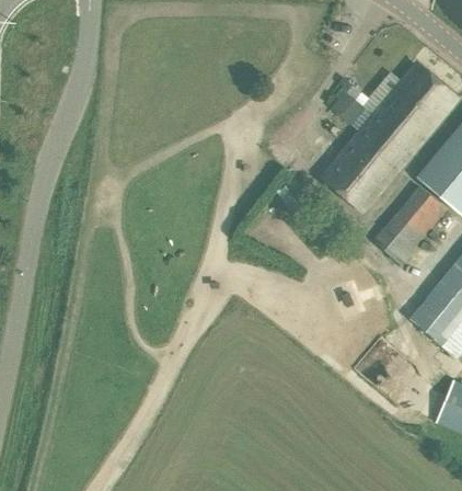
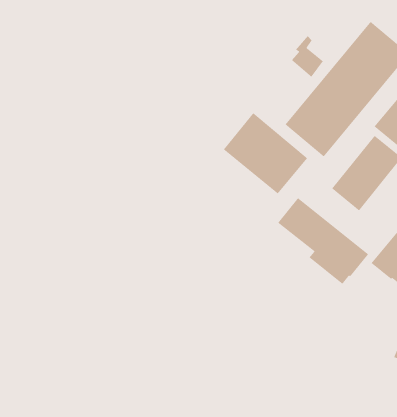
building: none -> [223,112,308,194]
building: none -> [277,197,369,285]

